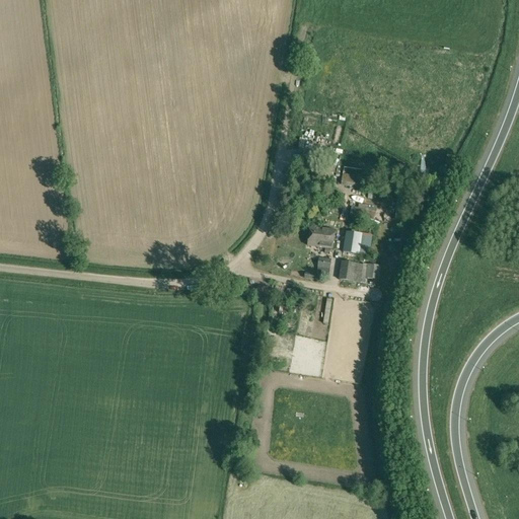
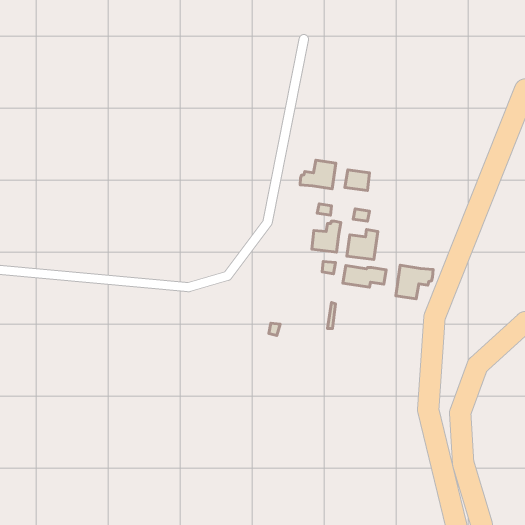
building: none -> [300,160,336,189]
building: none -> [396,265,433,299]

